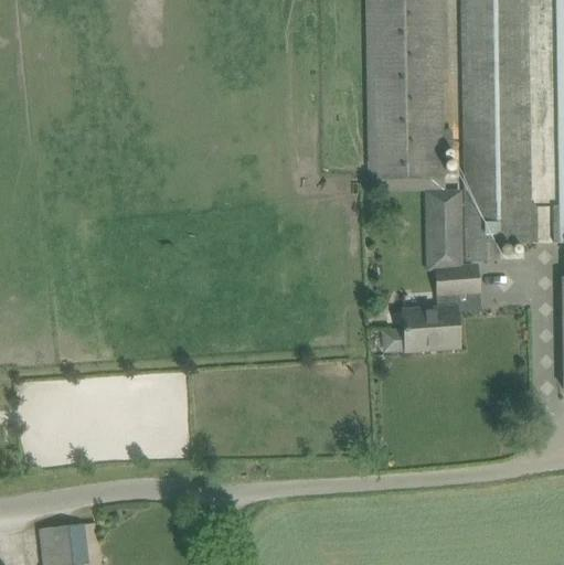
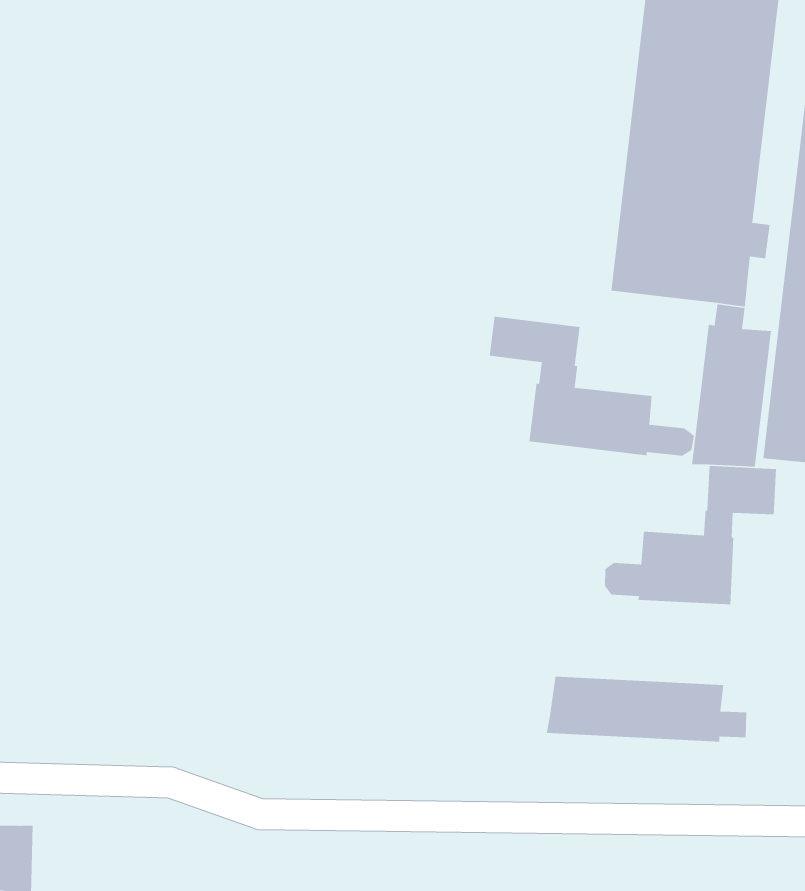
building: none -> [489,316,695,457]
building: none -> [546,676,747,742]

